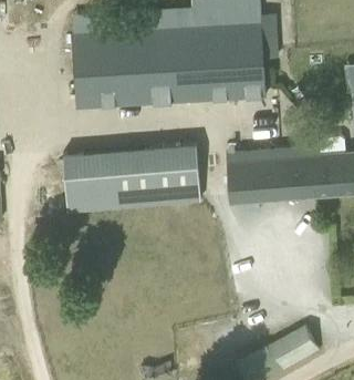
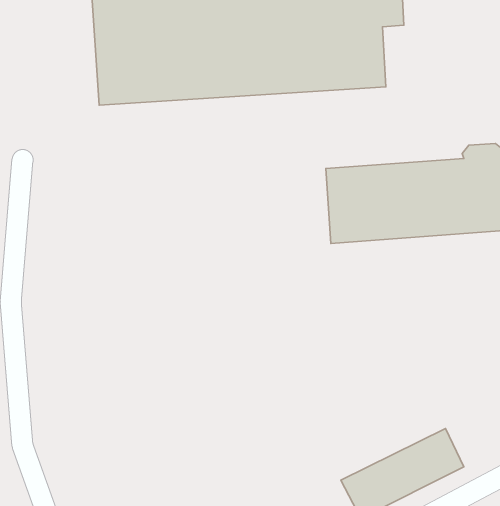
building: [63,145,201,212] -> none

